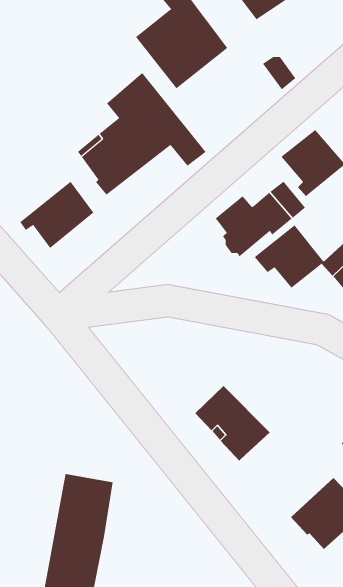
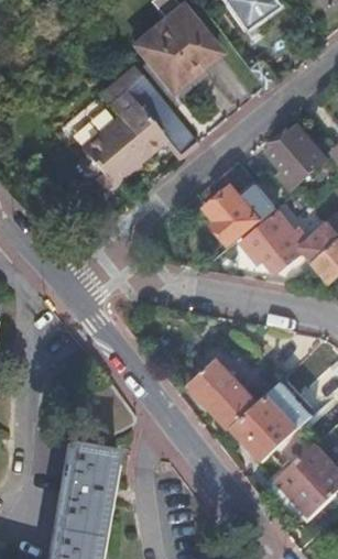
building: [19,181,94,249] -> none
building: none -> [232,382,299,460]

